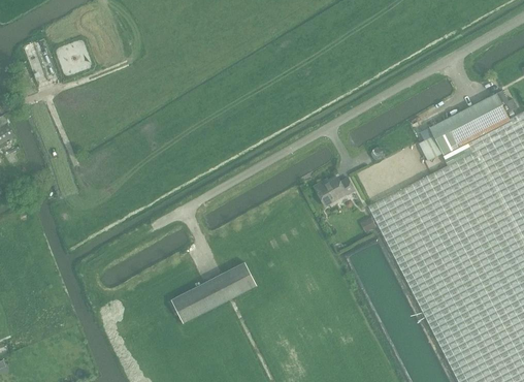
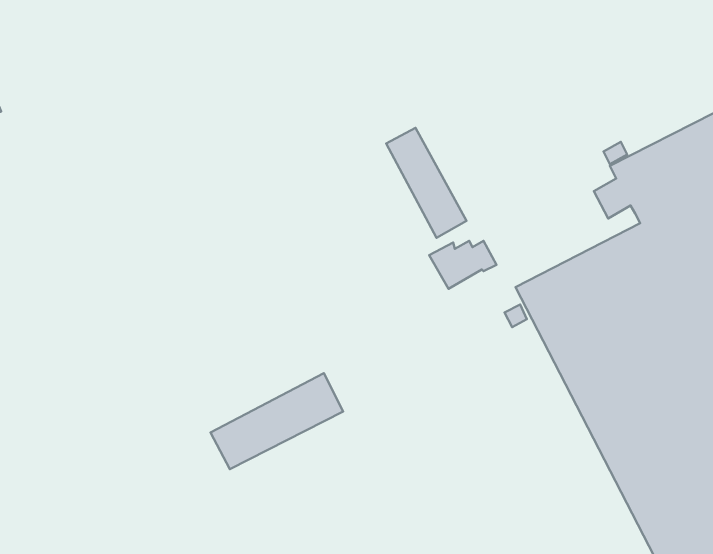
building: none -> [386,128,467,238]

